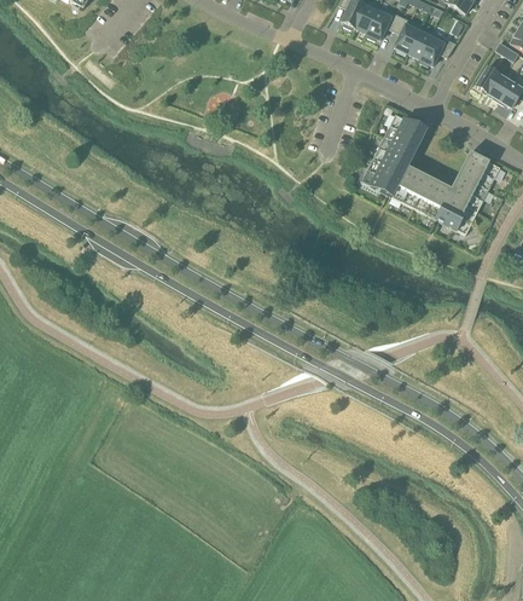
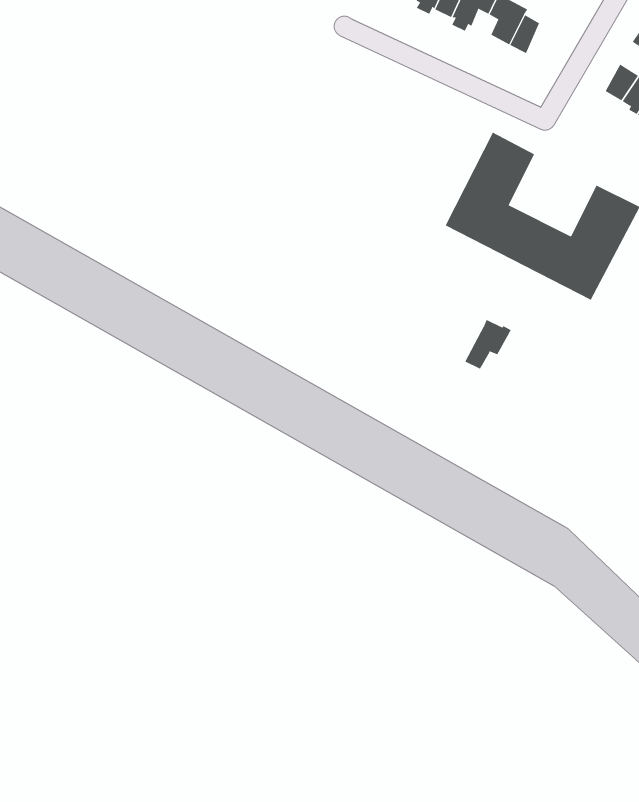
building: [420,31,457,64] -> none
building: none -> [465,319,512,369]

